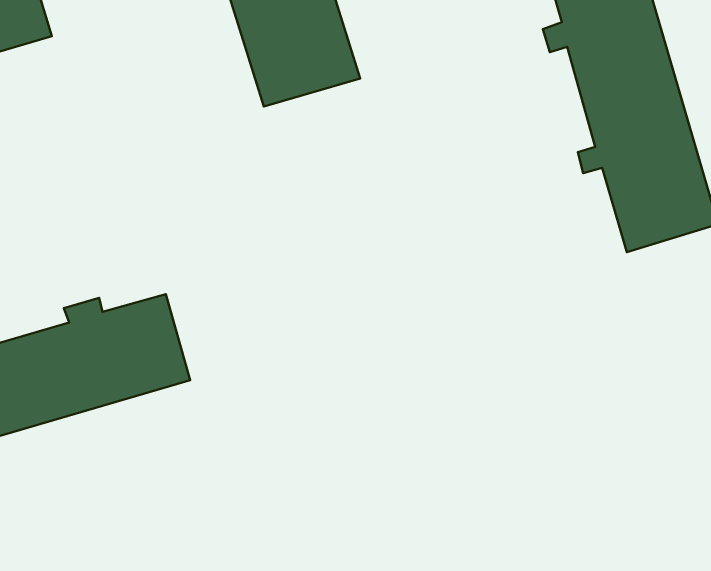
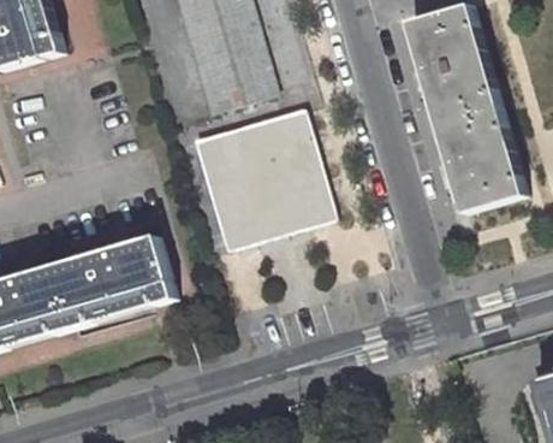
building: none -> [194,108,334,249]

